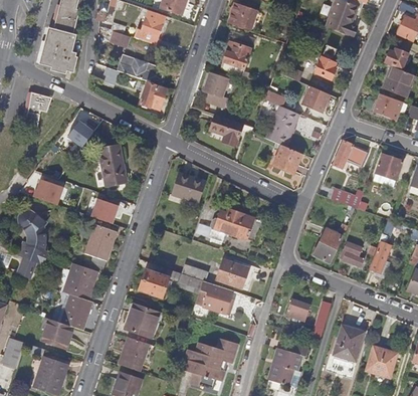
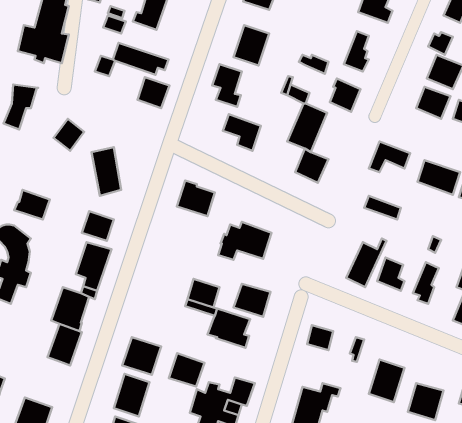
building: [139,267,169,295] -> [169,353,204,386]
building: [41,317,73,347] -> none

